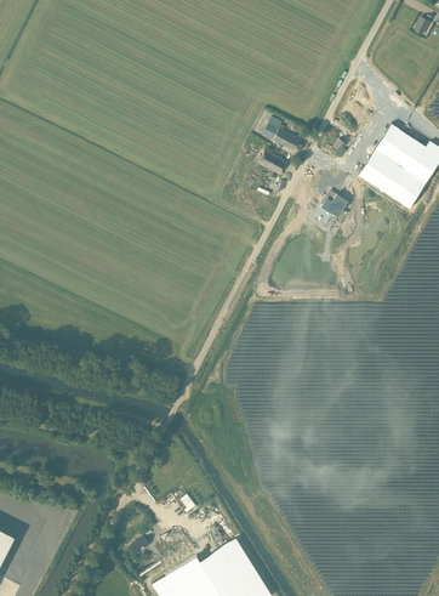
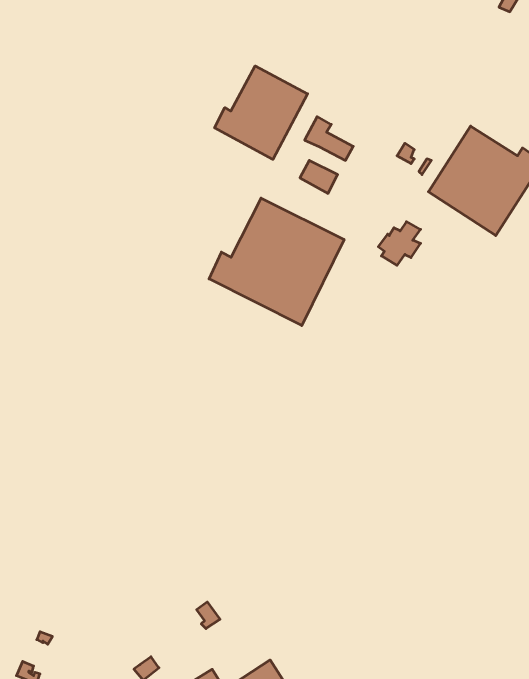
building: none -> [215,66,308,159]
building: none -> [209,198,344,326]

